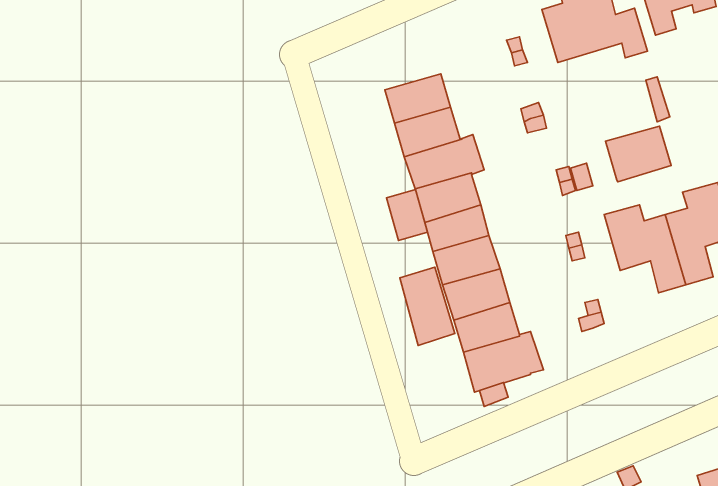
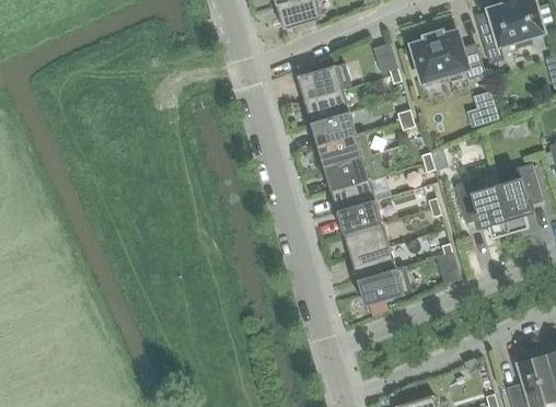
building: none -> [298,65,343,100]
building: [605,126,671,182] -> none
building: [386,189,428,241] -> none
building: [400,267,455,345] -> none

